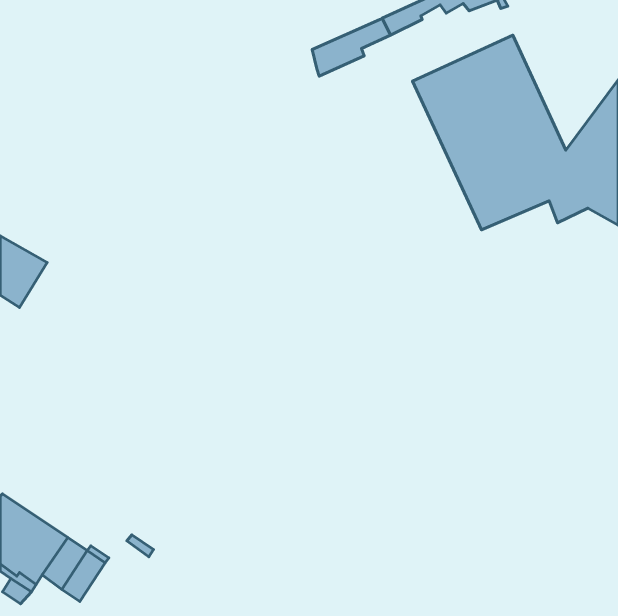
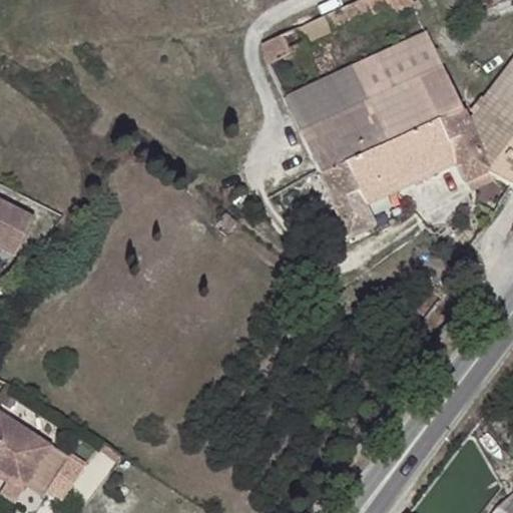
building: none -> [280,67,399,238]

